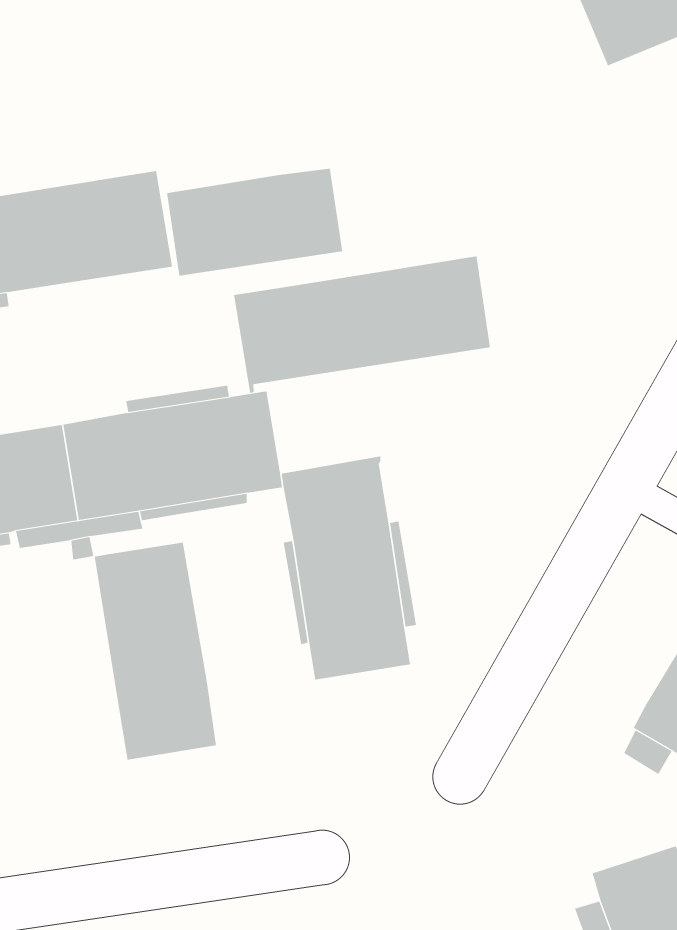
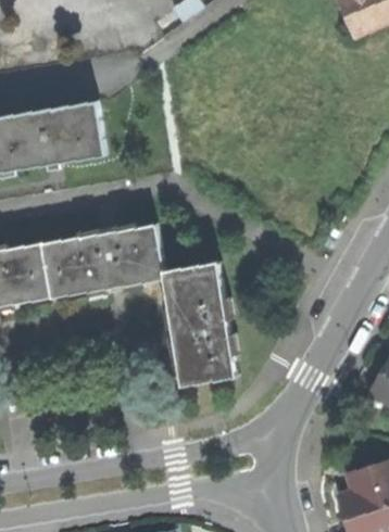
building: [166,168,343,277] -> none
building: [234,256,490,394] -> none
building: [94,542,217,760] -> none

